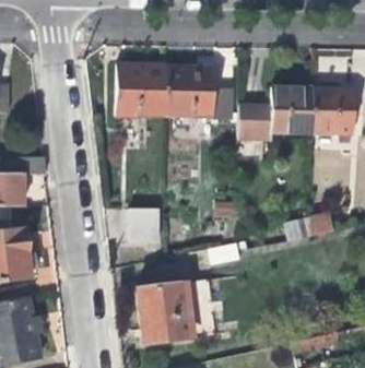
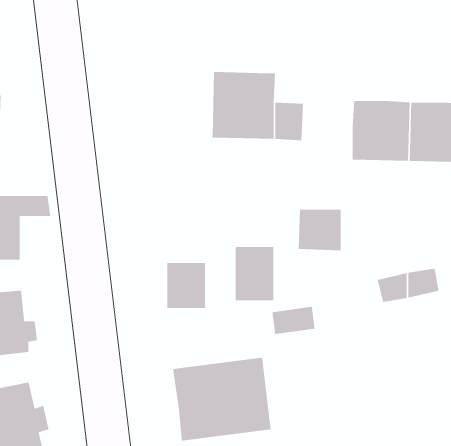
building: [117,63,166,115] -> none
building: [237,106,270,138] -> [298,209,342,251]
building: none -> [235,246,274,301]

